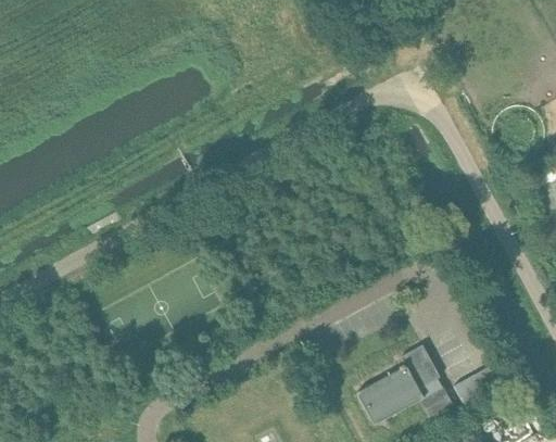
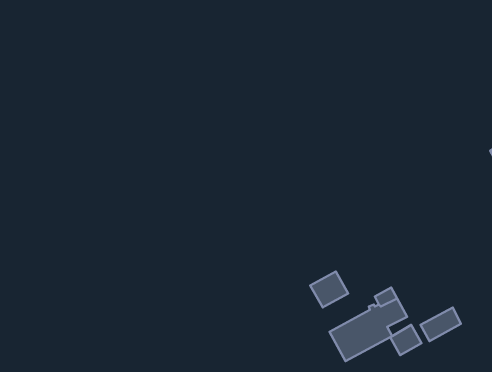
building: none -> [310,271,348,307]

